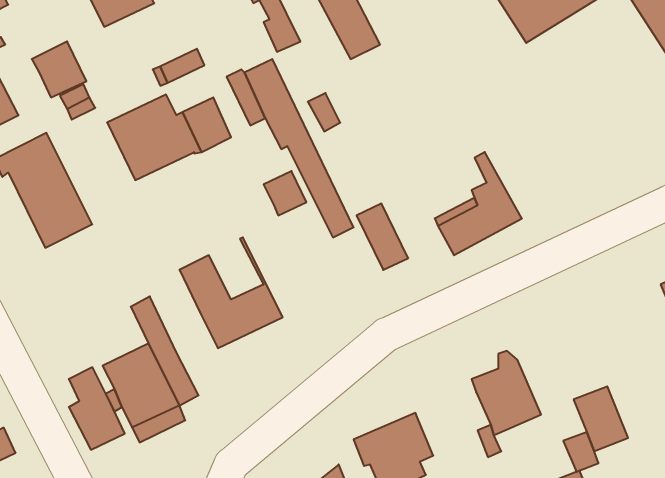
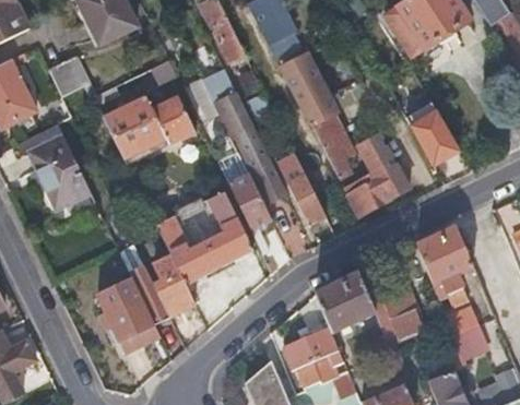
building: none -> [285,63,352,177]
building: none -> [405,93,454,166]
building: none -> [228,174,271,254]
building: none -> [202,179,252,259]
building: none -> [416,228,474,299]
building: none -> [316,274,375,334]
building: [69,367,125,450] -> [153,255,194,317]

